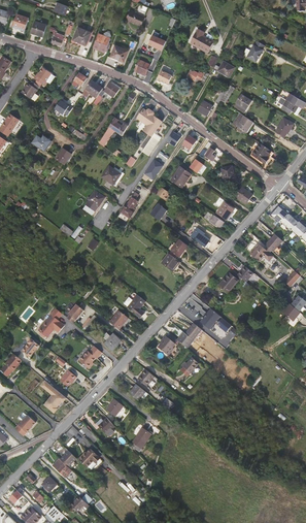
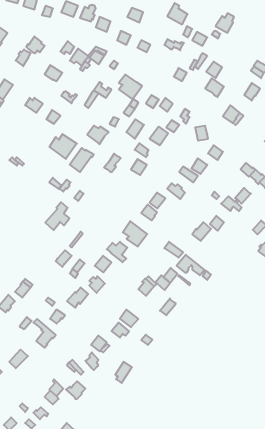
building: none -> [50,134,77,159]
building: none -> [123,221,147,247]
building: [37,306,64,337] -> [45,202,69,230]

